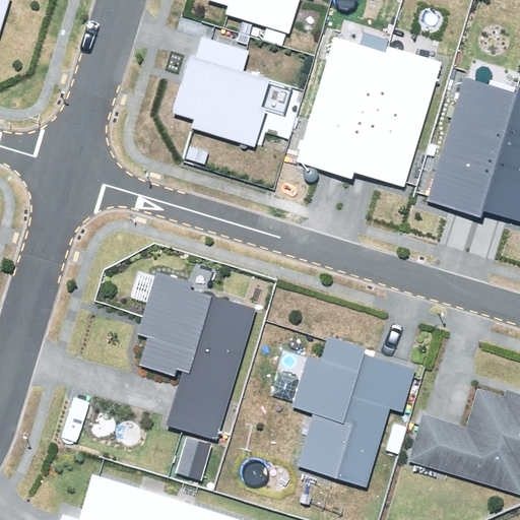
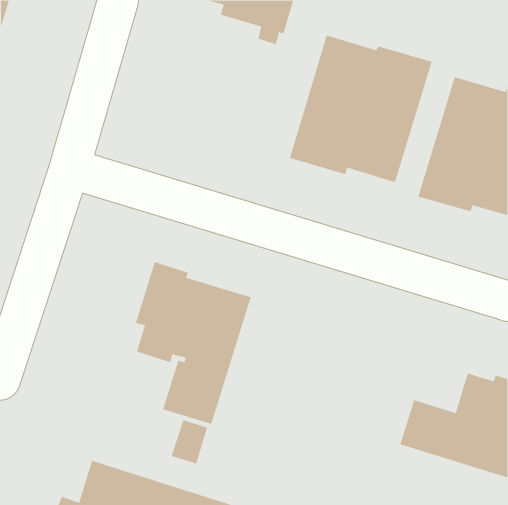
building: [171,40,269,150] -> none
building: [291,332,415,483] -> none

